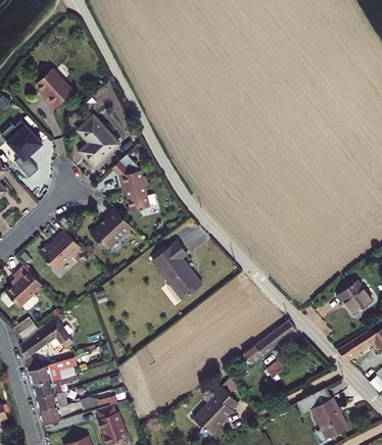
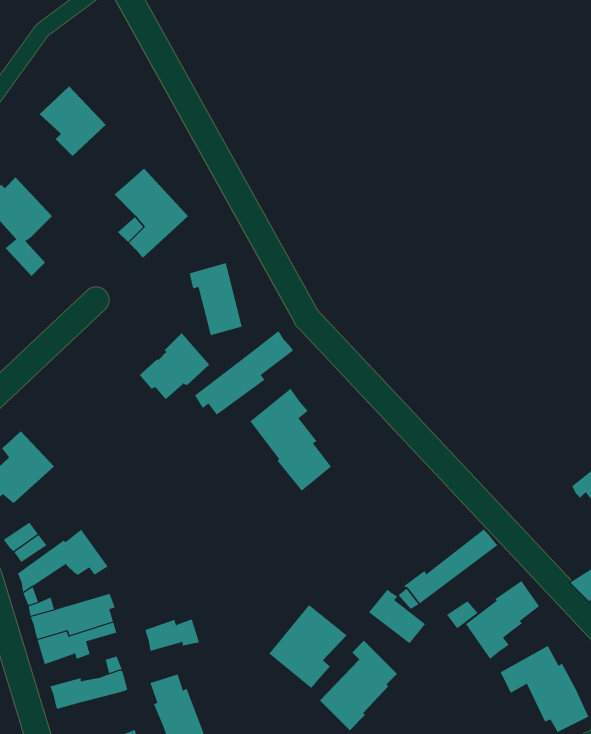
building: none -> [194,330,294,415]
building: [40,229,84,270] -> none
building: none -> [465,580,540,660]
building: none -> [368,589,426,644]
building: none -> [268,604,347,689]
building: [37,392,68,410] -> [144,619,200,651]

